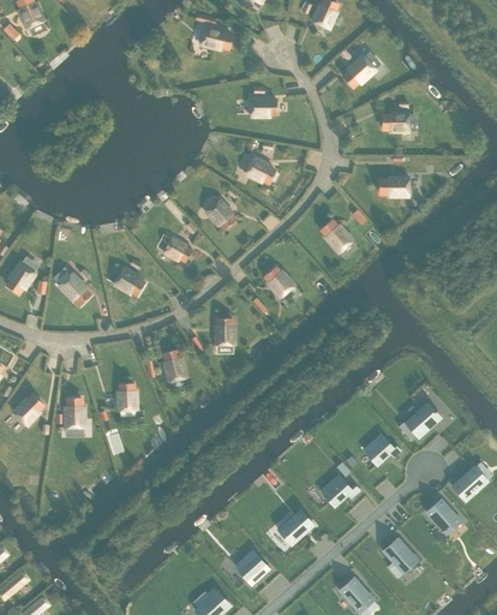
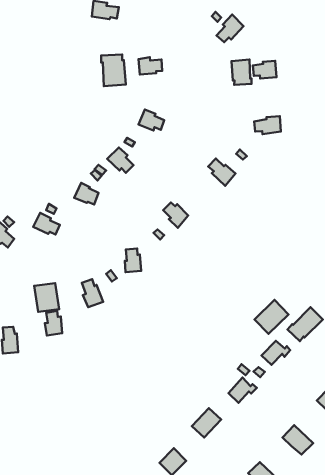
building: none -> [101,54,126,86]
building: none -> [231,60,252,85]
building: none -> [34,283,59,312]
building: none -> [255,300,288,334]

